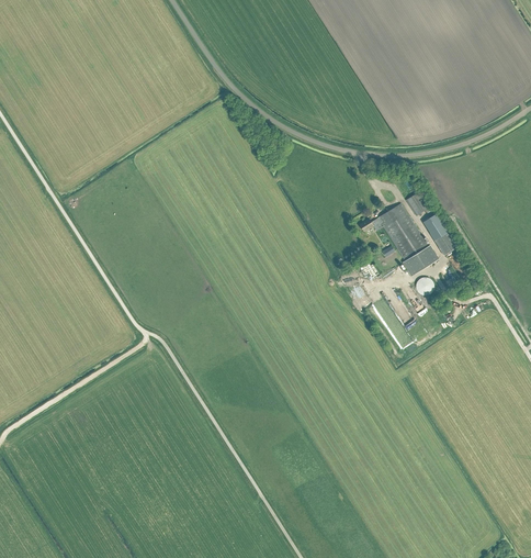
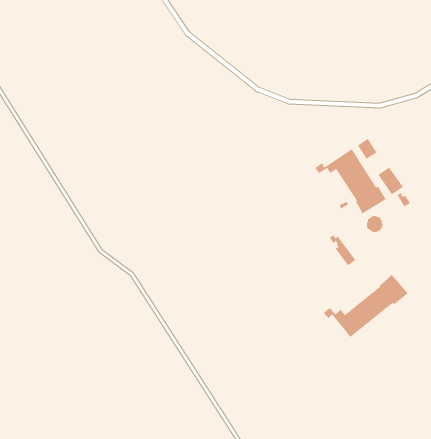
building: none -> [323,274,408,338]

